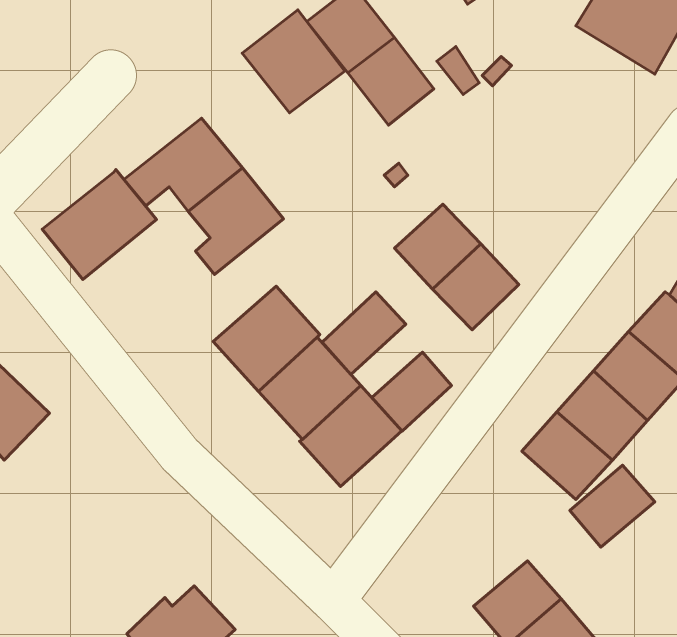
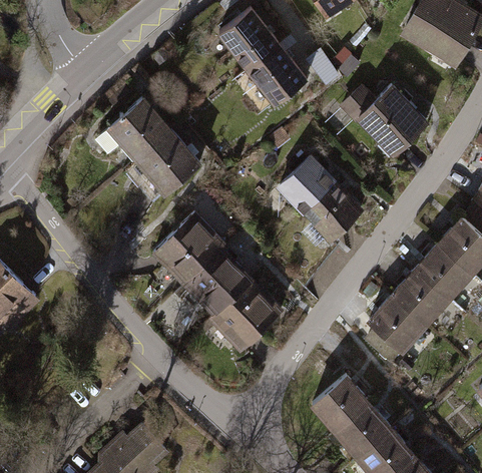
building: [242,10,345,113] -> none
building: none -> [341,85,428,158]
building: [42,169,157,279] -> none
building: [322,292,406,374] -> none
building: [372,352,452,431] -> none
building: [570,465,655,547] -> [311,377,369,433]

